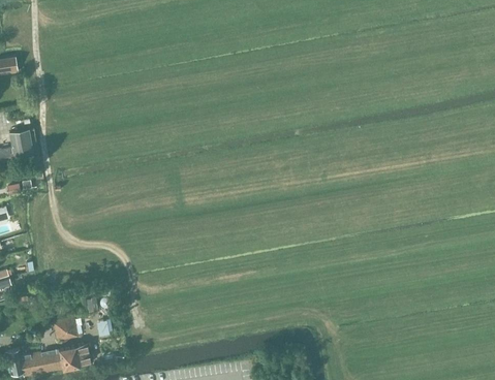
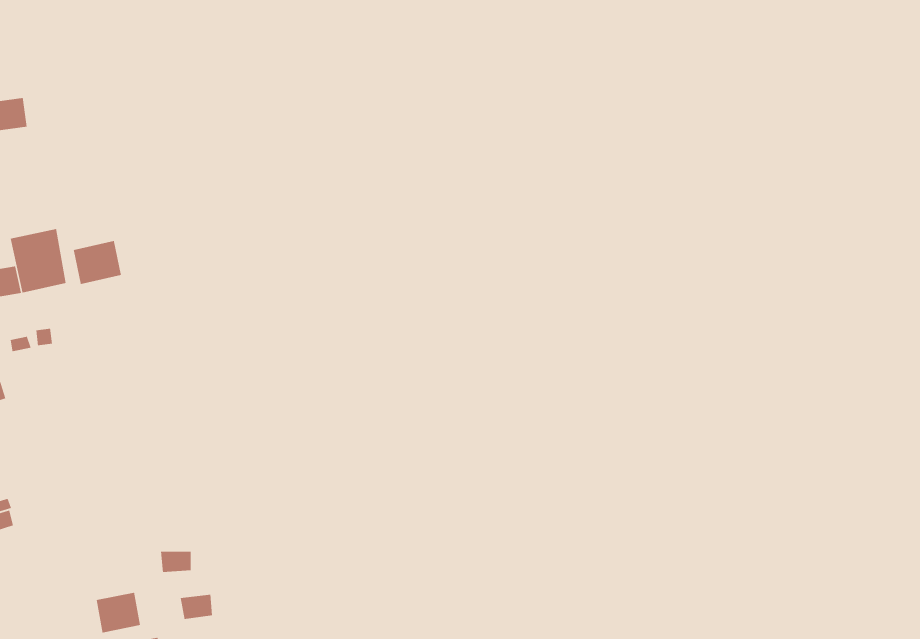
building: none -> [73,240,121,285]

